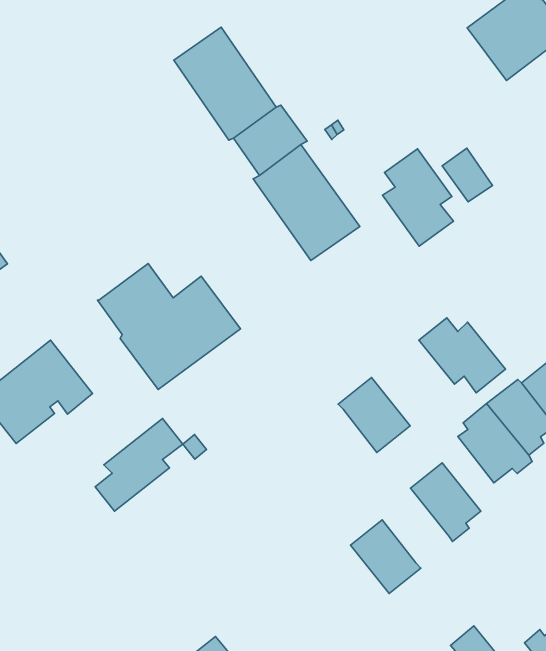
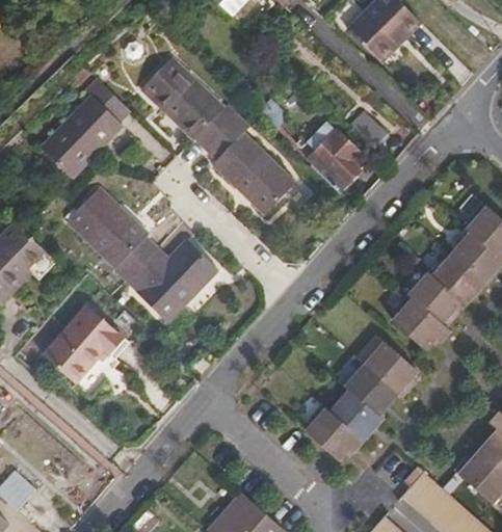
building: none -> [43,77,132,176]
building: none -> [69,188,149,268]
building: [419,318,505,393] -> none
building: [338,378,410,452] -> [341,367,395,420]
building: [95,418,183,511] -> none
building: none -> [301,408,359,463]

